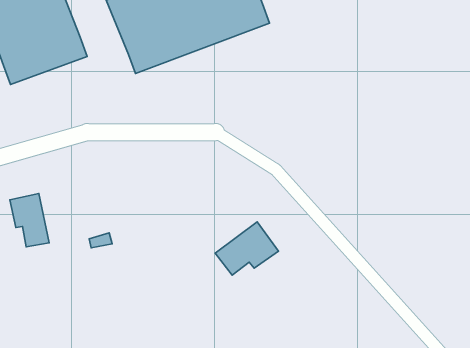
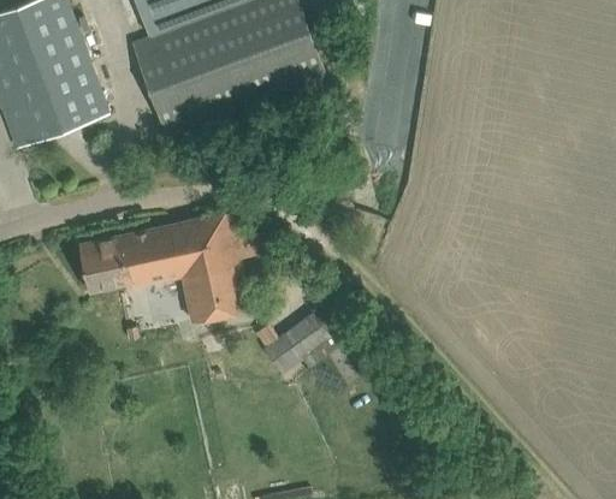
building: none -> [77,208,257,317]
building: [10,193,49,247] -> none

